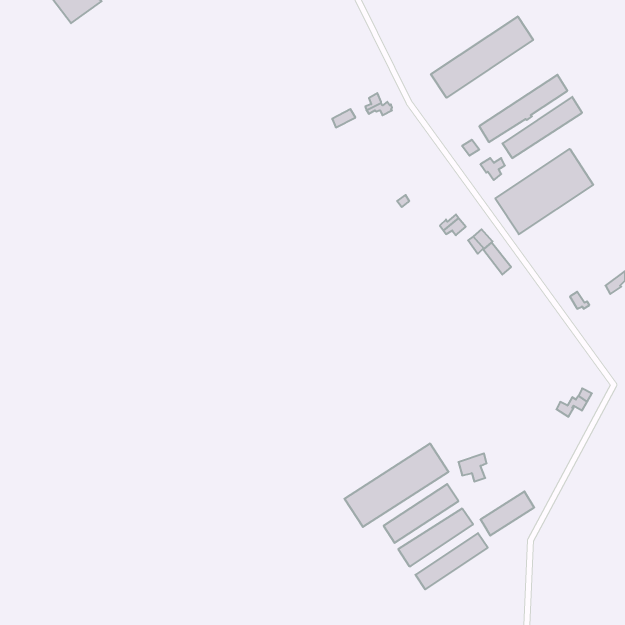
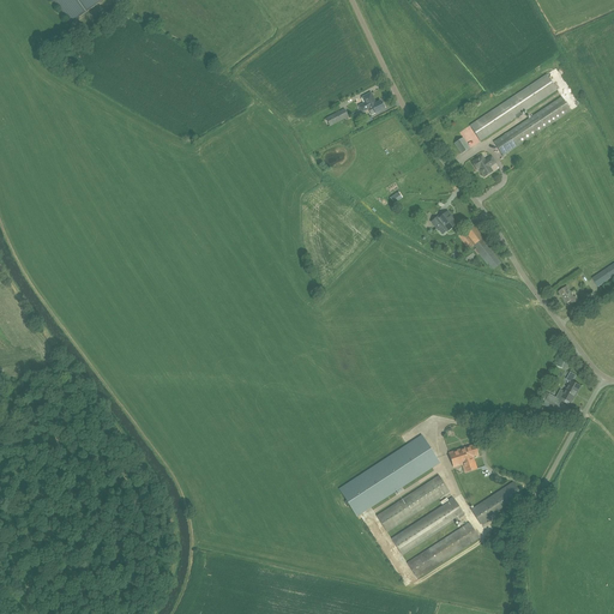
building: [431,16,533,98] -> none
building: [495,149,593,234] -> none

